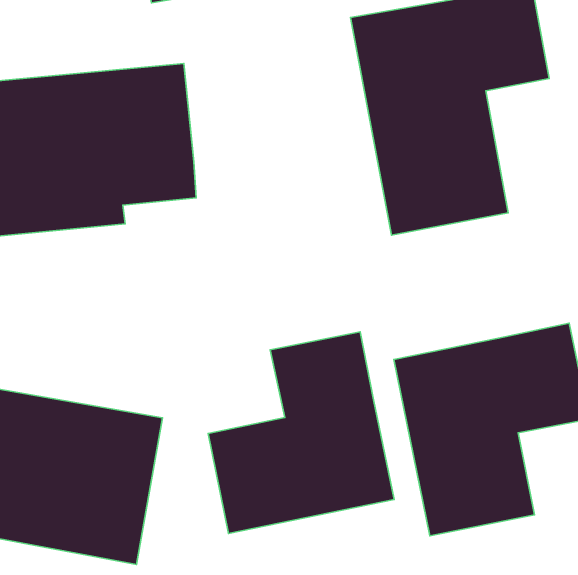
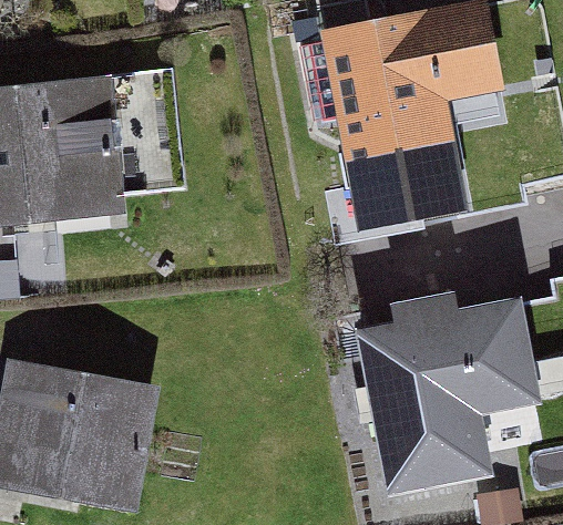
building: [208,332,394,533] -> none

